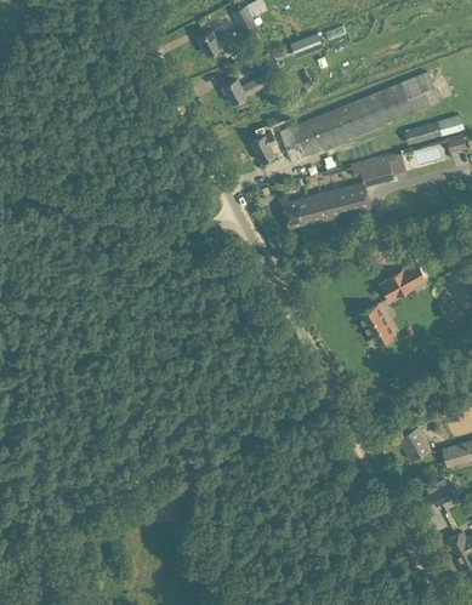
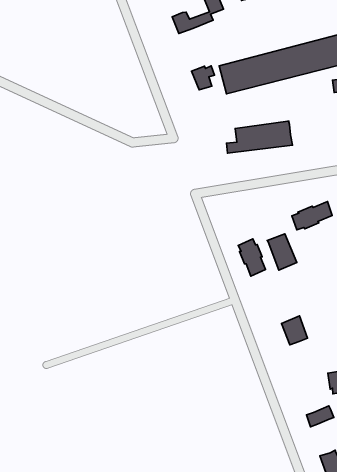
building: [359,152,403,182] -> none
building: [283,196,311,228] -> none
building: none -> [238,239,265,276]
building: [399,426,430,458] -> [282,316,308,345]

